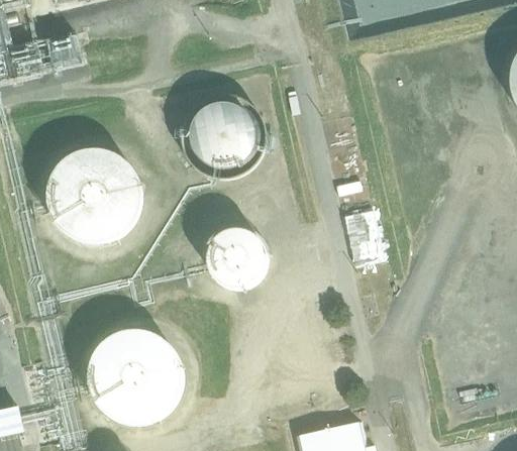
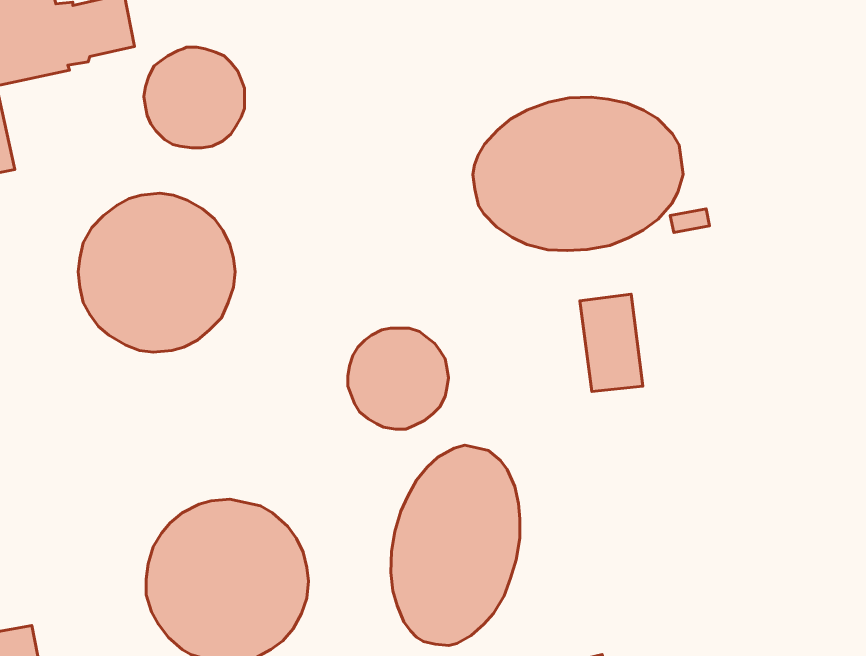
building: none -> [473,97,683,251]
building: [193,105,252,164] -> [144,47,245,148]
building: none -> [391,445,520,646]

